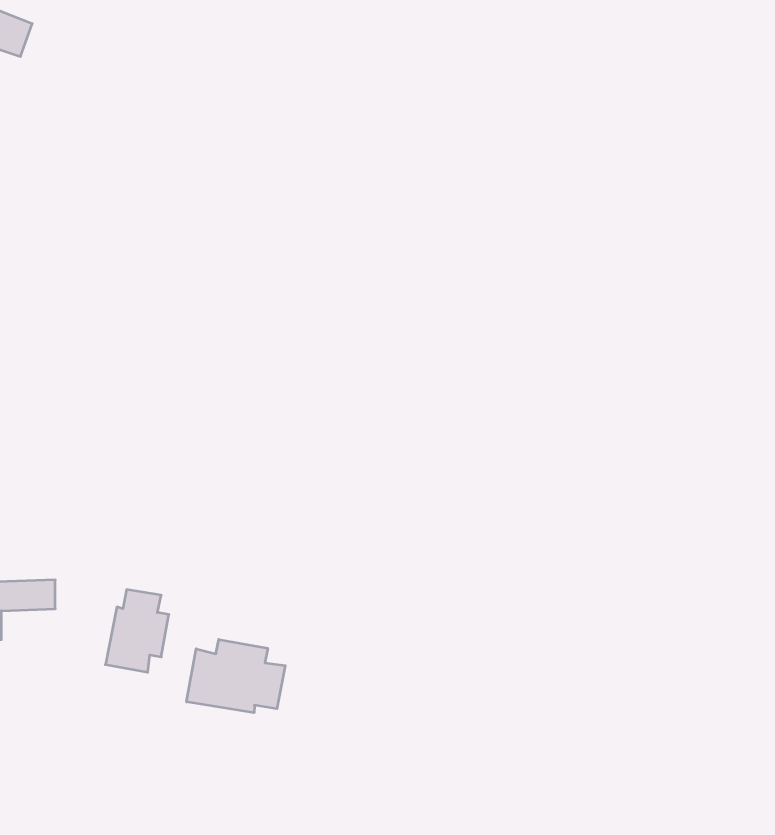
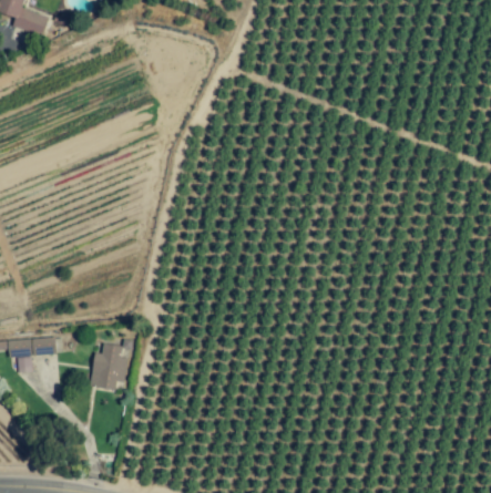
building: [187,639,285,713] -> none

